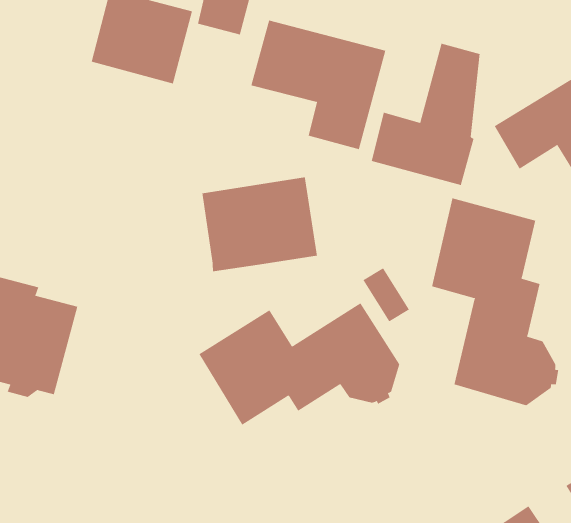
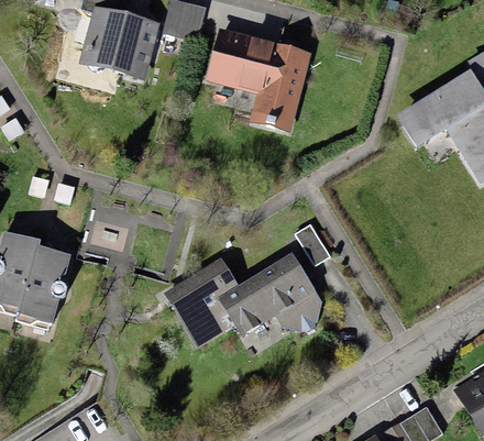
building: [371,43,480,186] -> none
building: [202,177,317,272] -> none
building: [431,197,559,406] -> none

